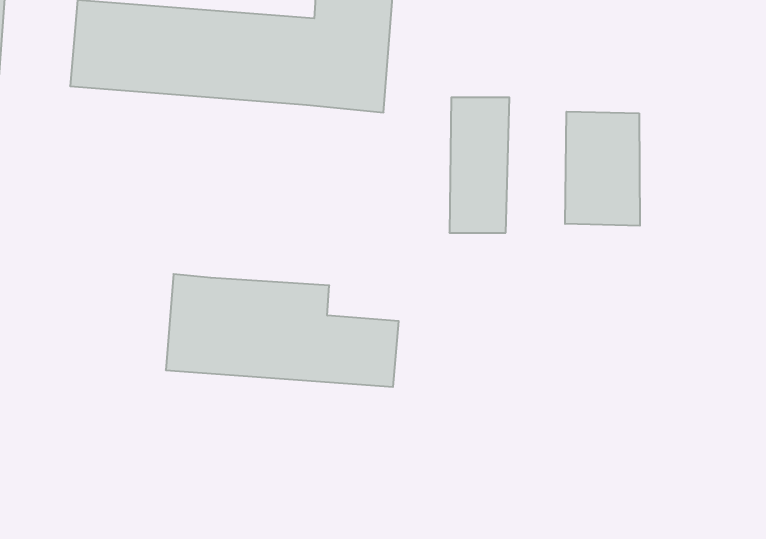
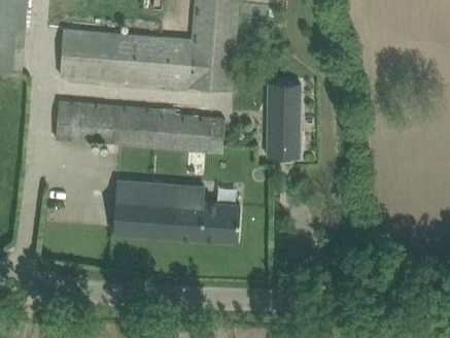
building: [565,112,640,226] -> none
building: none -> [56,101,227,154]

